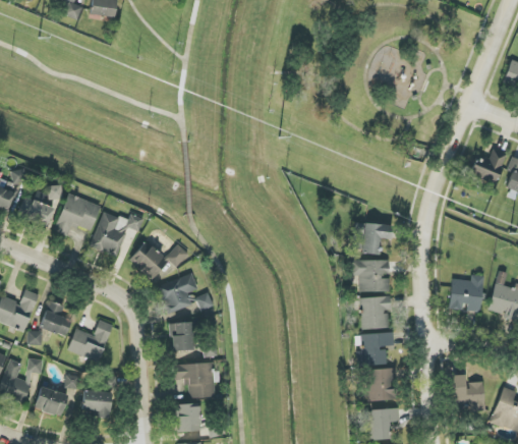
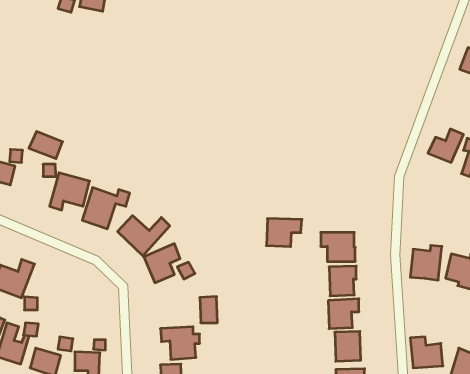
building: [18,197,55,226] -> [29,132,63,159]
building: [353,223,392,254] -> [266,219,302,247]
building: [41,300,72,337] -> none
building: [68,320,113,360] -> none
building: [173,322,192,350] -> [200,297,217,323]

